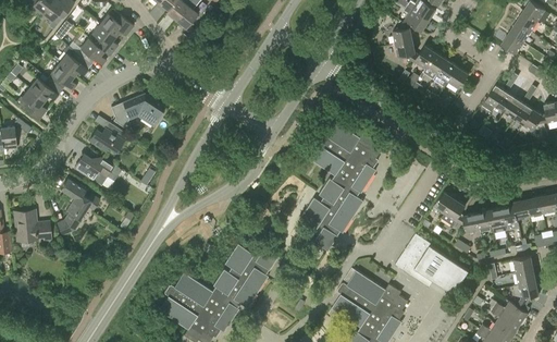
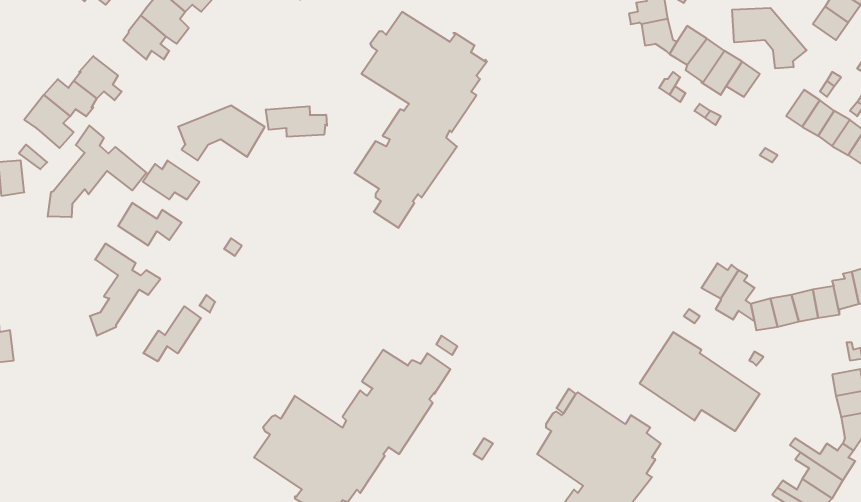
building: none -> [732,8,807,68]
building: [59,46,91,76] -> none
building: none -> [266,106,327,137]
building: none -> [48,125,147,217]
building: [300,119,382,252] -> [354,12,487,228]
building: [14,211,50,242] -> none
building: none -> [143,306,201,361]

